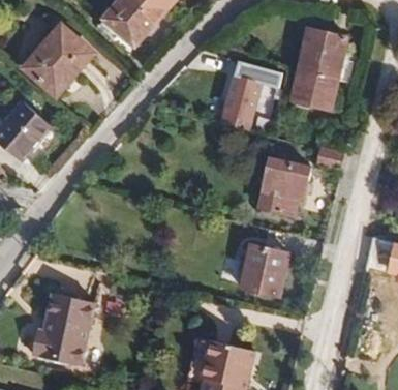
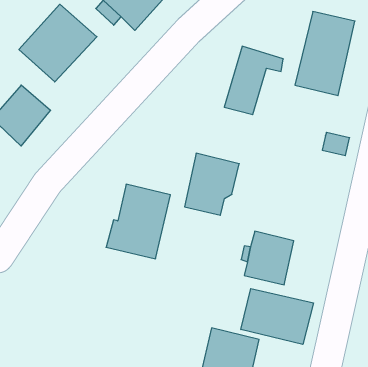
building: [257,156,311,217] -> [185,153,239,215]
building: [31,293,94,366] -> [106,184,170,259]
building: none -> [241,289,313,344]

